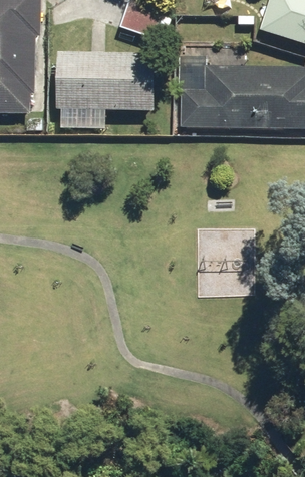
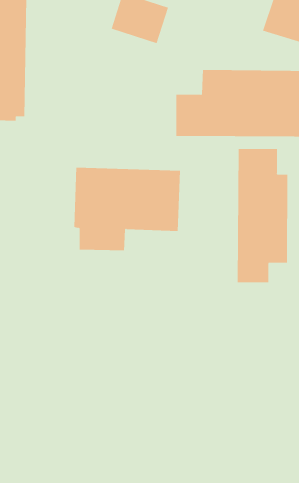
building: [55,50,156,128] -> [73,167,181,251]
building: none -> [237,148,288,283]

